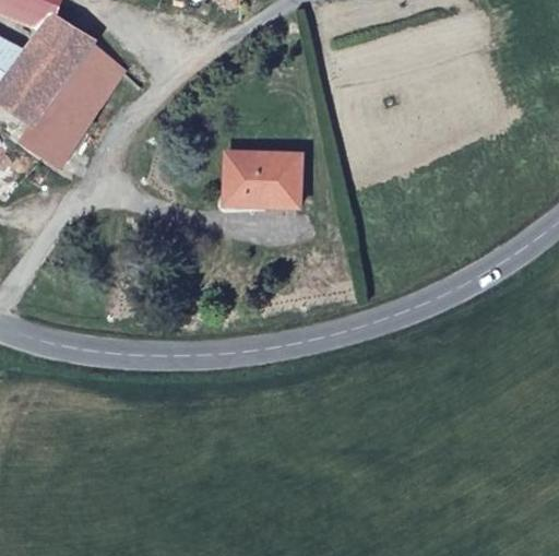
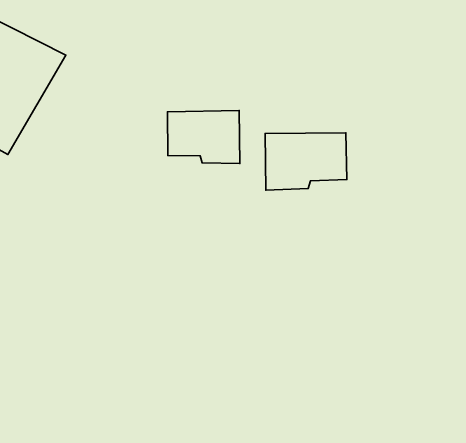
building: none -> [265,133,347,190]

